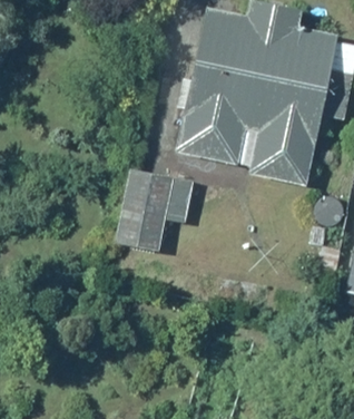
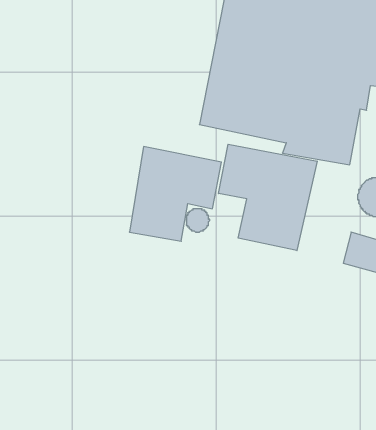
building: none -> [219,144,317,251]

